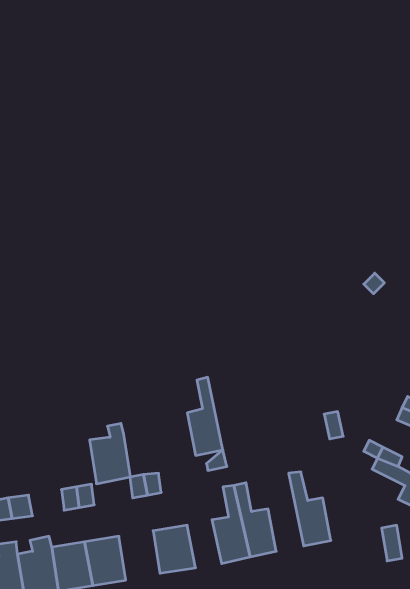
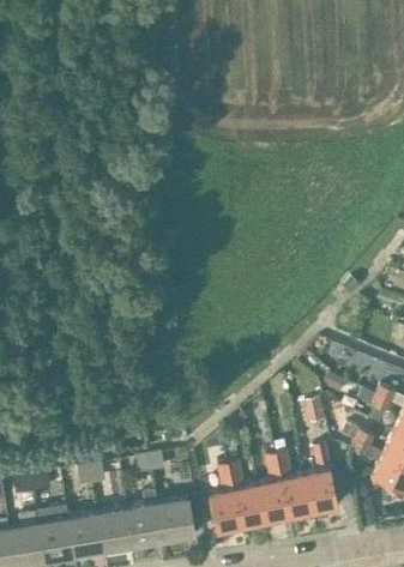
building: [187,377,223,455] -> [259,453,290,521]
building: [90,423,131,484] -> [128,494,164,547]
building: none -> [307,444,339,512]

